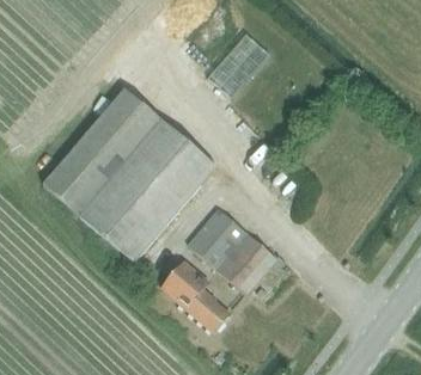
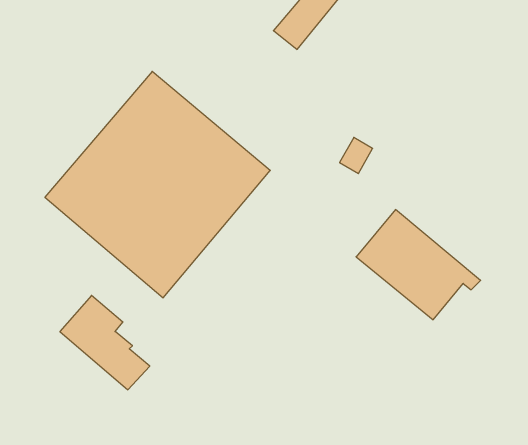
building: [189,208,283,291] -> [356,210,481,320]
building: [161,258,230,330] -> [60,295,150,390]

